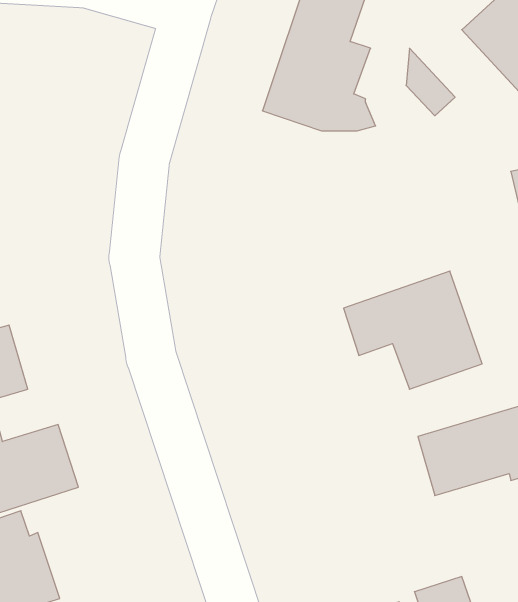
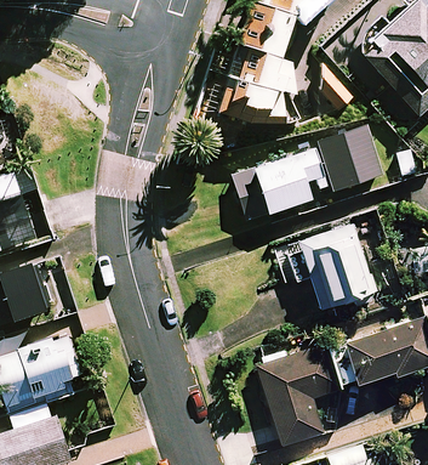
building: none -> [233,125,384,221]
building: none -> [256,346,335,444]

